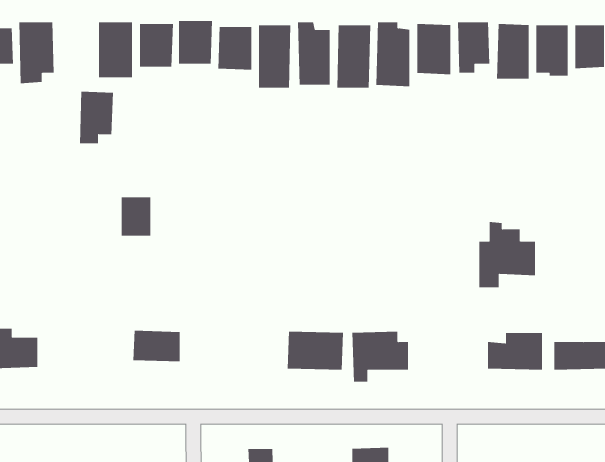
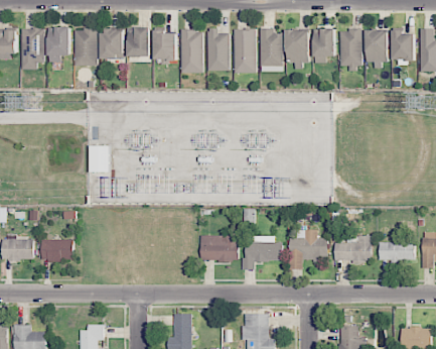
building: [79,91,114,144] -> [48,26,71,62]
building: [478,221,536,288] -> [289,225,327,269]
building: [132,330,181,362] -> [41,239,74,260]

